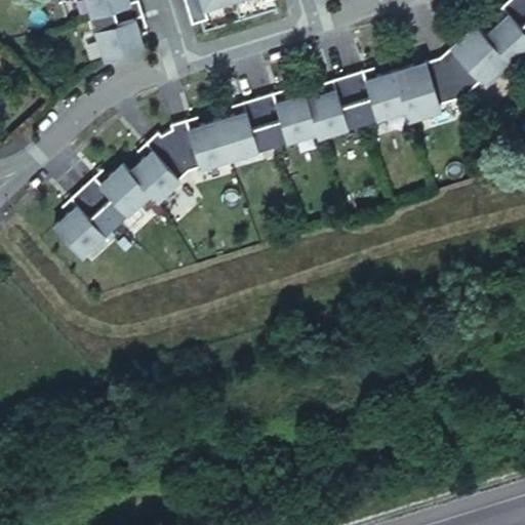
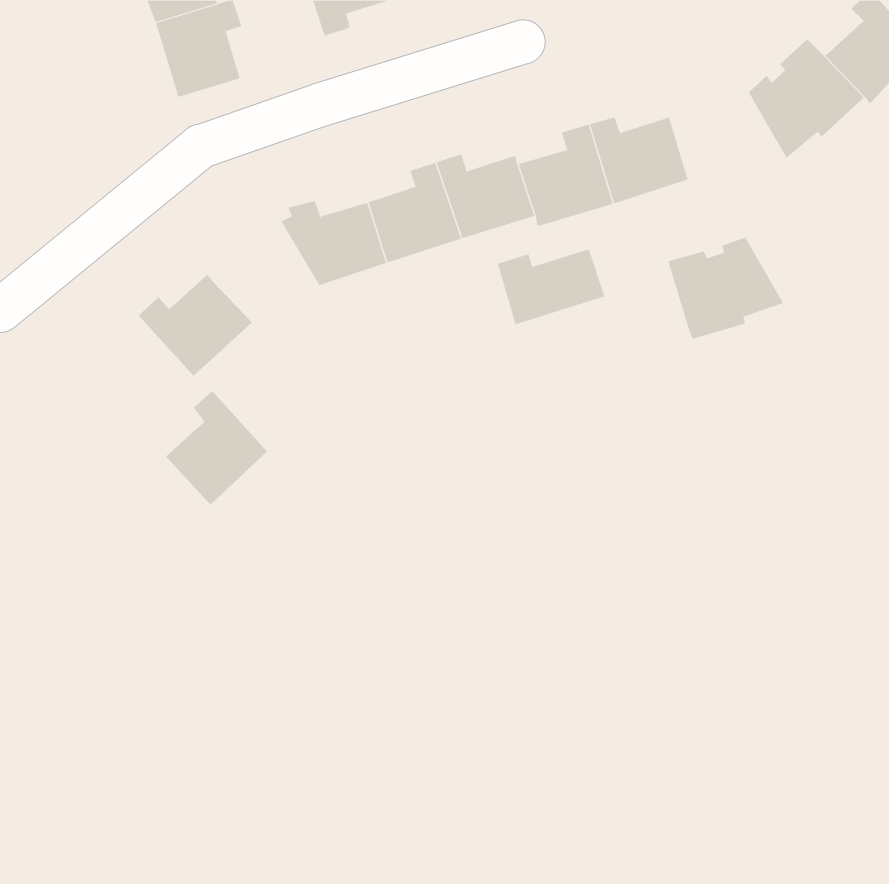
building: [395,58,463,119] -> [667,237,784,340]
building: [130,133,189,201] -> none
building: none -> [497,249,605,325]
building: [54,190,115,257] -> [165,390,268,505]

